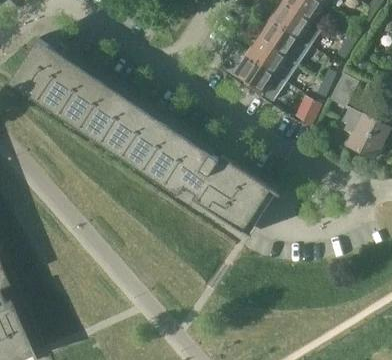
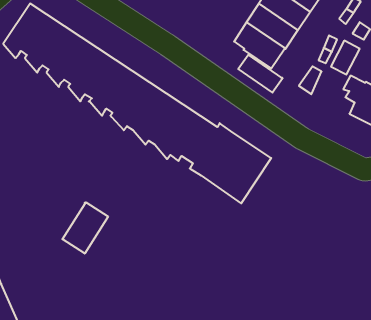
building: none -> [238,55,283,93]
building: none -> [62,202,108,254]

